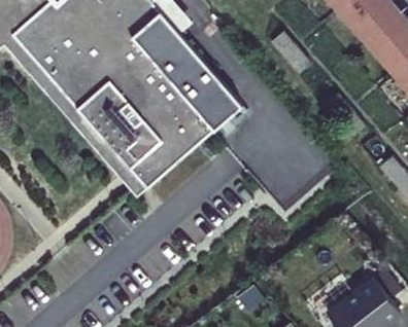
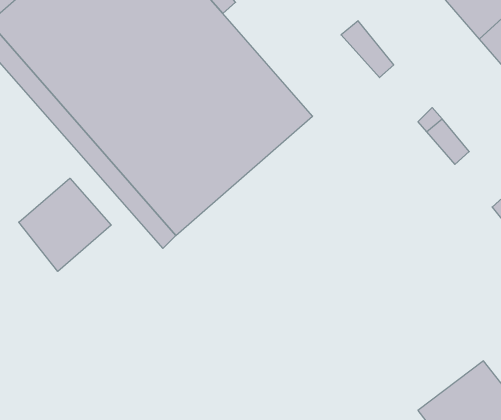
building: none -> [19,178,111,271]

